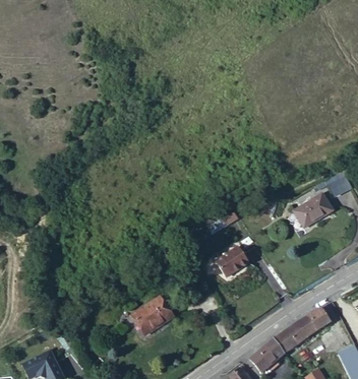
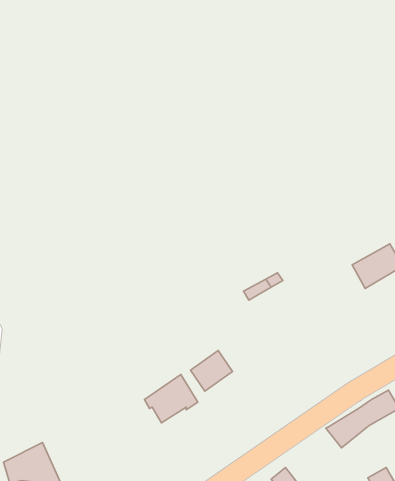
building: [218,251,250,282] -> [191,351,232,391]
building: [249,336,284,372] -> none

